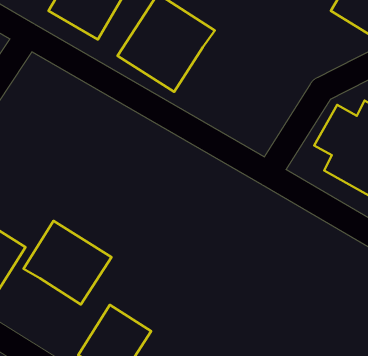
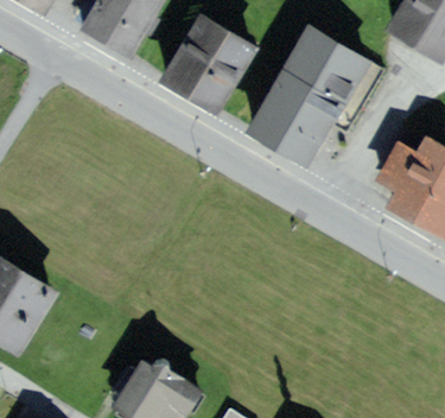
building: none -> [246,27,374,162]
building: [23,221,111,304] -> none

